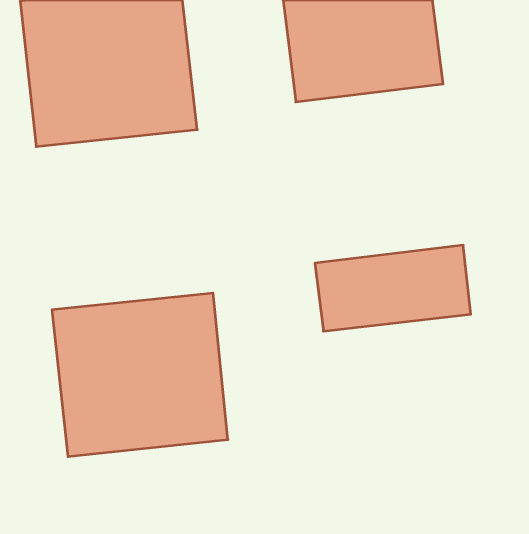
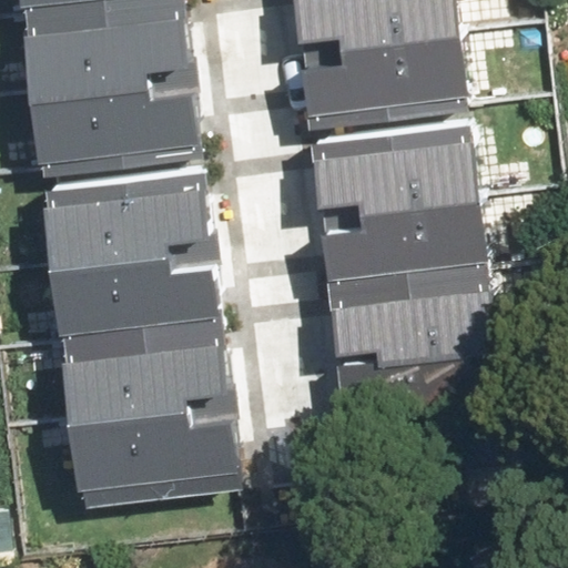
building: none -> [313,125,485,284]
building: none -> [39,172,223,333]

